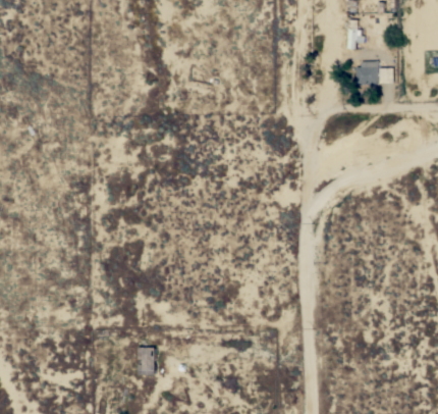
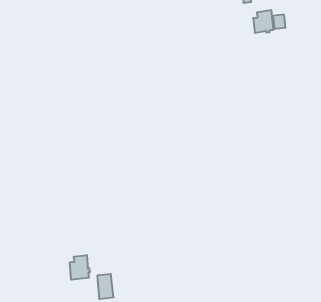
building: none -> [70,255,90,280]

